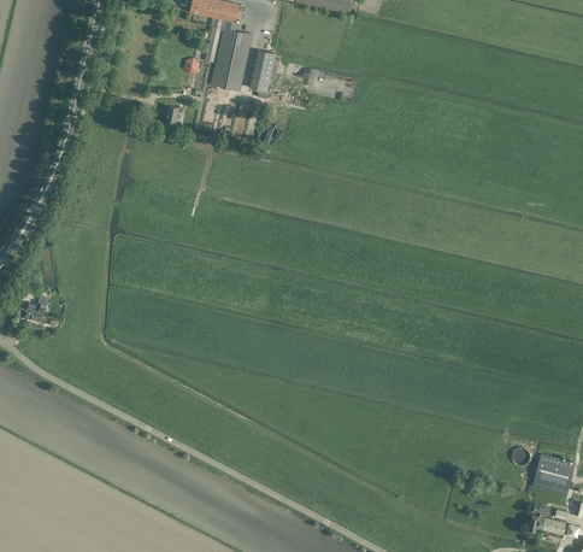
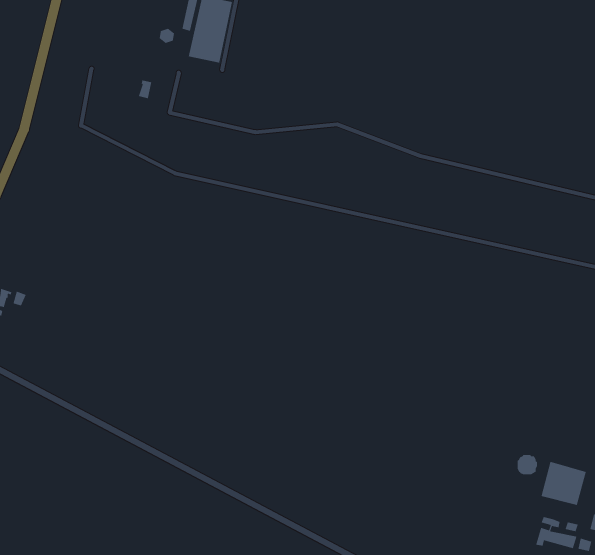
building: [248,51,276,92] -> none

